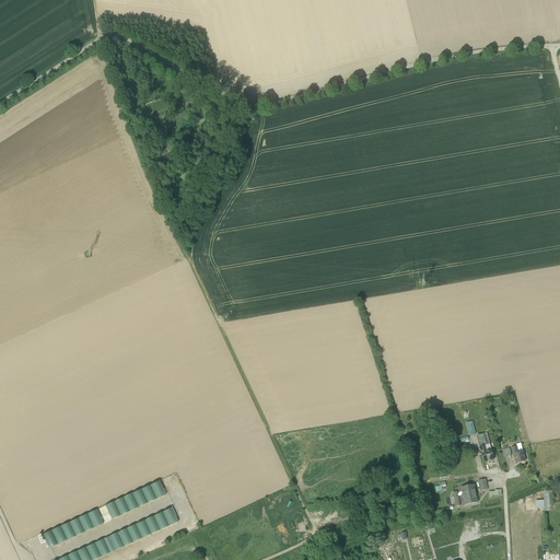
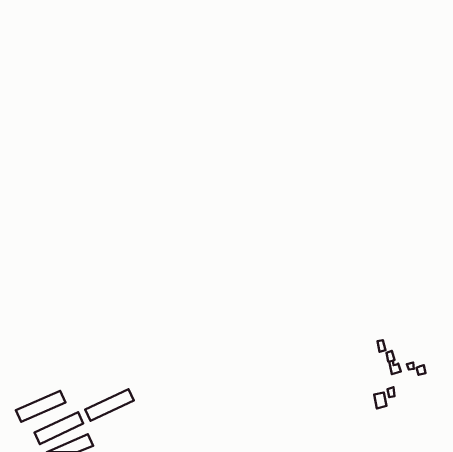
building: [117,508,178,546] -> [16,391,65,422]

